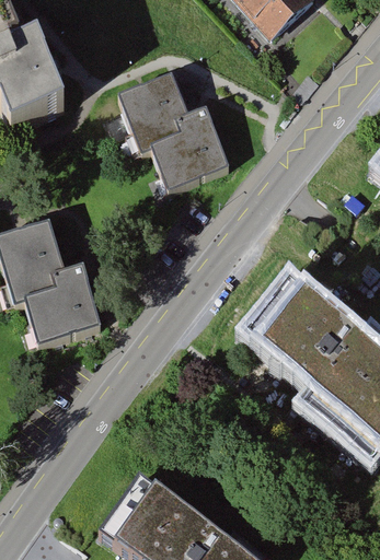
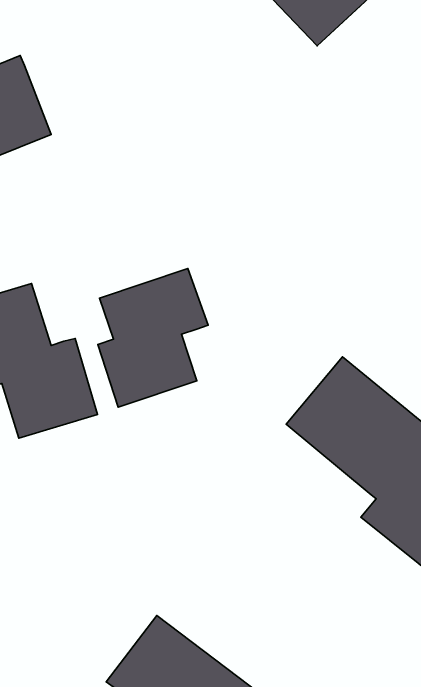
building: [118,74,228,186] -> none
building: none -> [98,269,208,407]

